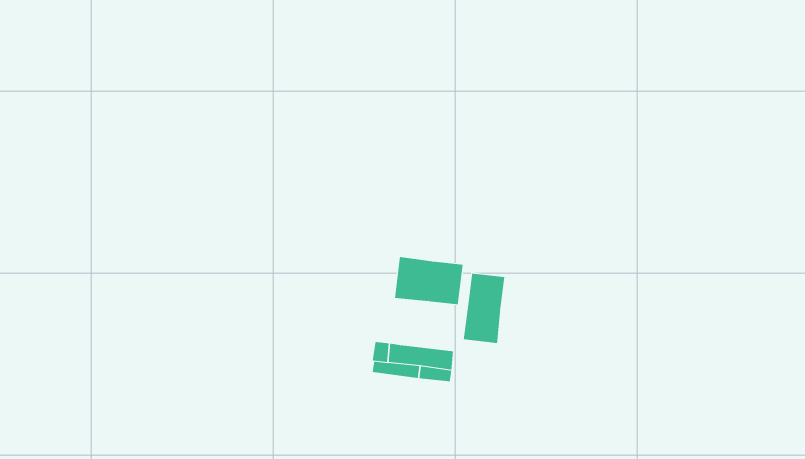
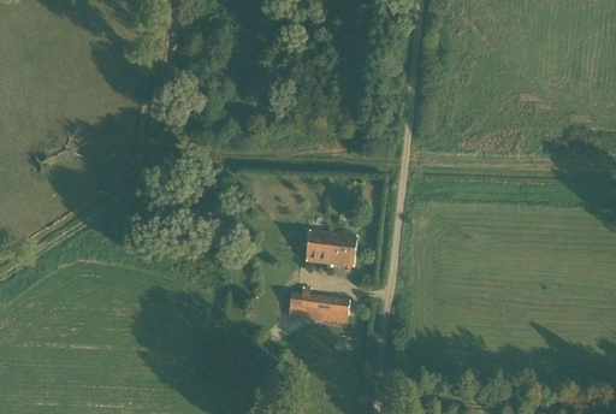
building: [463,273,505,344] -> none

